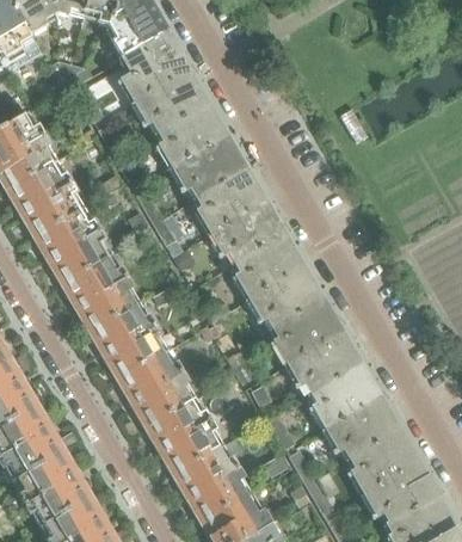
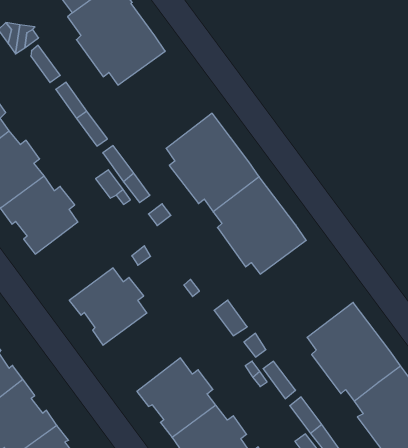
building: [160,103,247,196] -> none
building: [63,257,136,331] -> none
building: [276,298,362,392] -> none
building: [118,351,191,425] -> none

